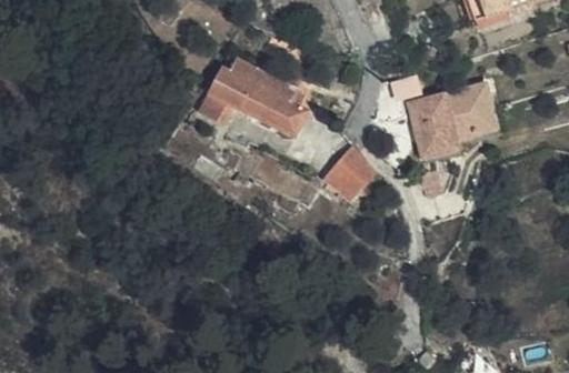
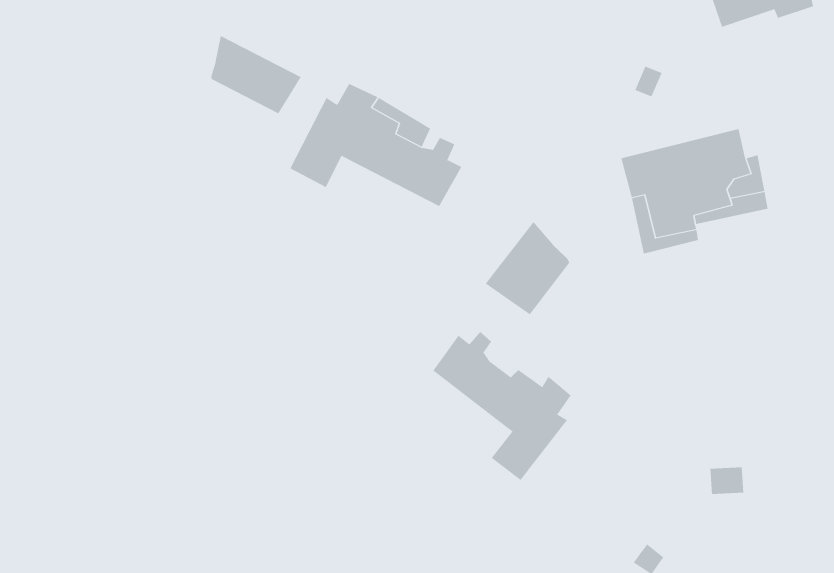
building: none -> [211,35,302,114]
building: none -> [433,331,571,481]

